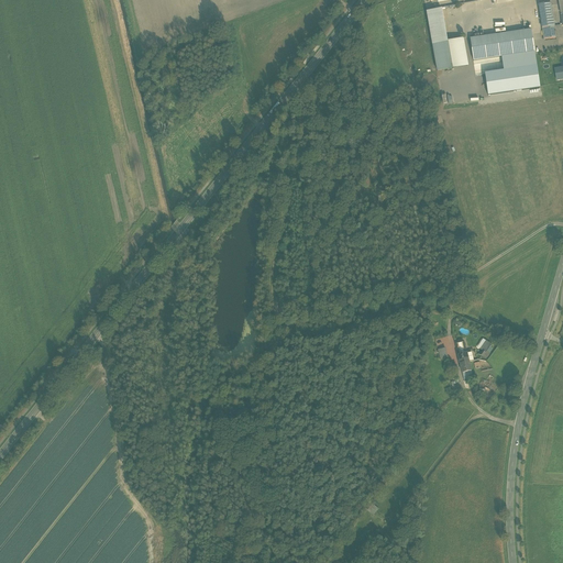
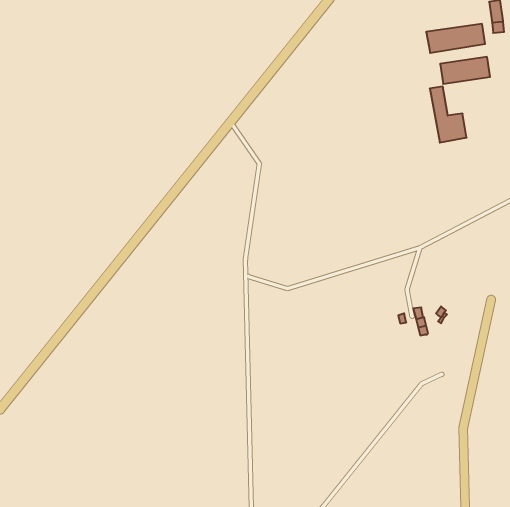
building: [427,7,467,68] -> [430,87,467,143]

